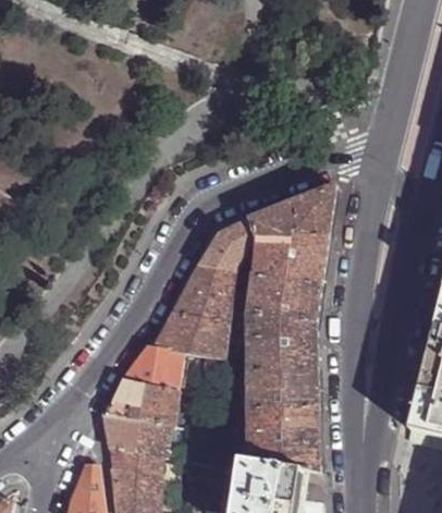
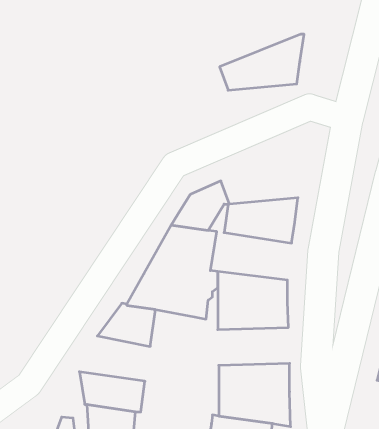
building: [248,187,335,245] -> [220,34,304,90]
building: [237,273,321,323] -> none
building: [245,372,319,412] -> none
building: [102,381,177,428] -> none

